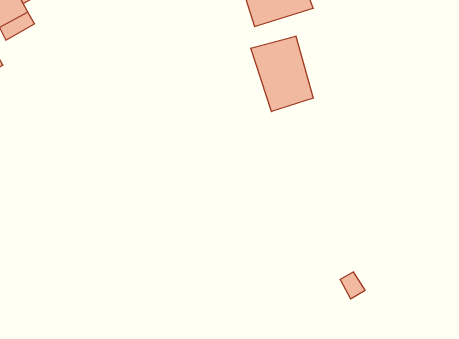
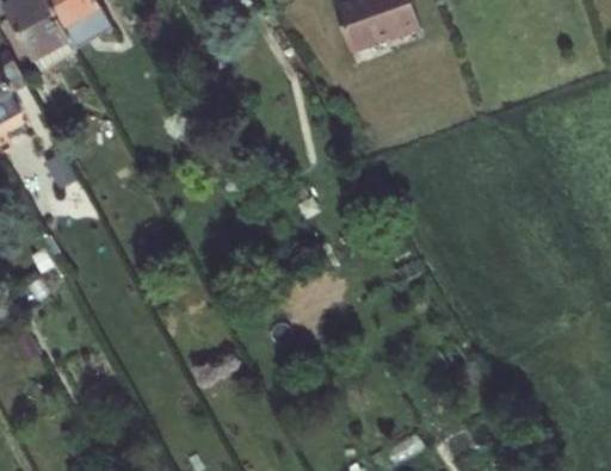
building: [251,36,313,112] -> none

